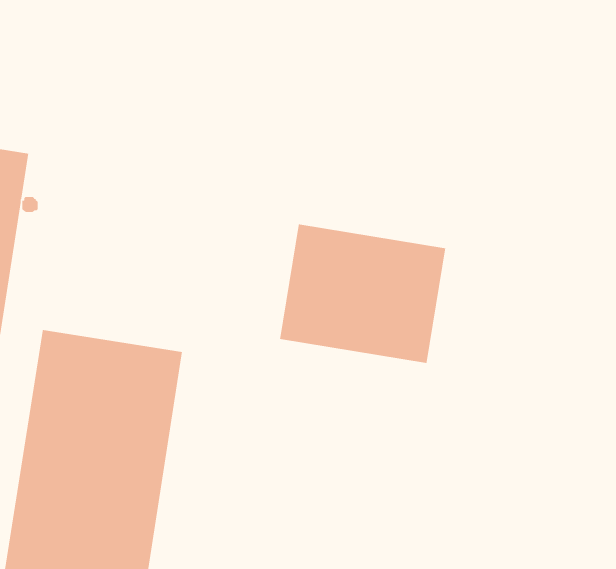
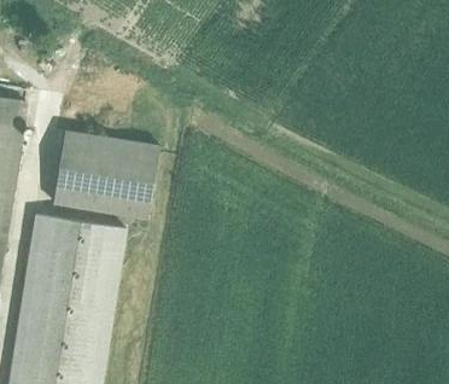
building: [279,223,446,364] -> [53,129,161,220]

